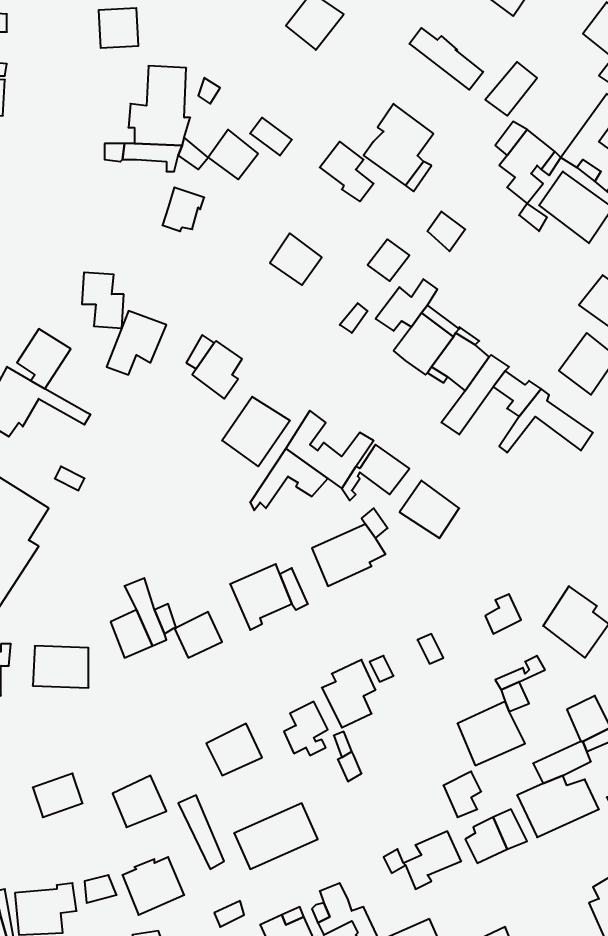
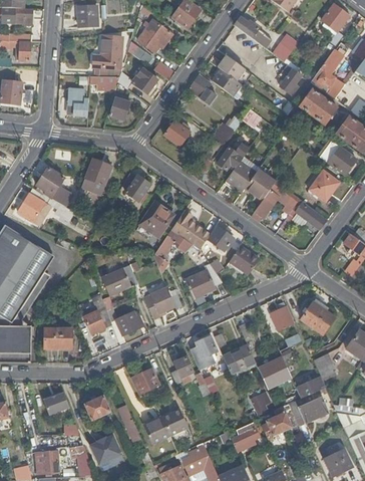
building: none -> [137,19,168,52]
building: [82,272,124,328] -> [67,87,88,115]
building: none -> [100,265,137,296]
building: none -> [223,344,256,374]

